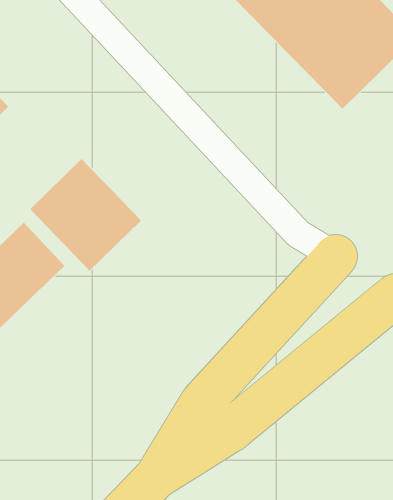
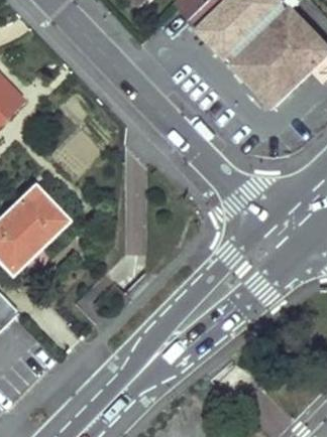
building: [30,158,142,271] -> none

